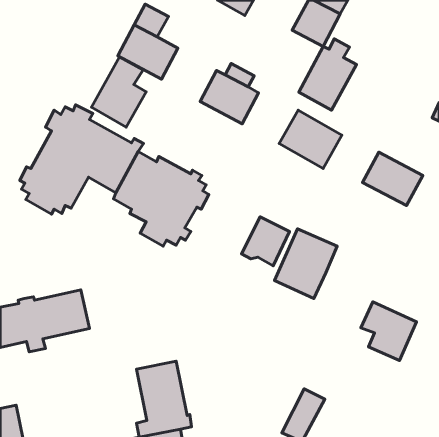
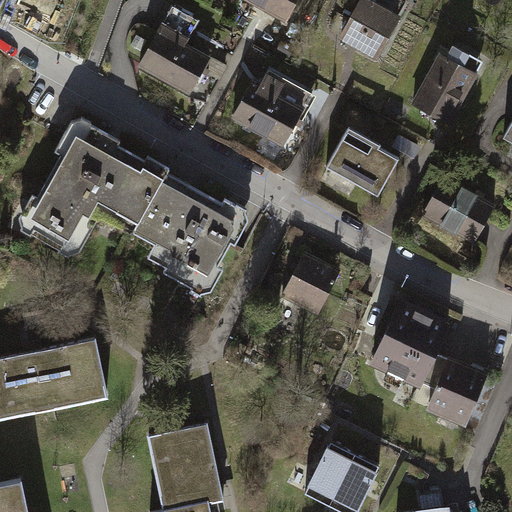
building: [299,39,357,110] -> [412,42,479,125]
building: [91,57,146,127] -> none
building: [274,229,337,299] -> [374,303,447,384]
building: none -> [304,443,354,506]

